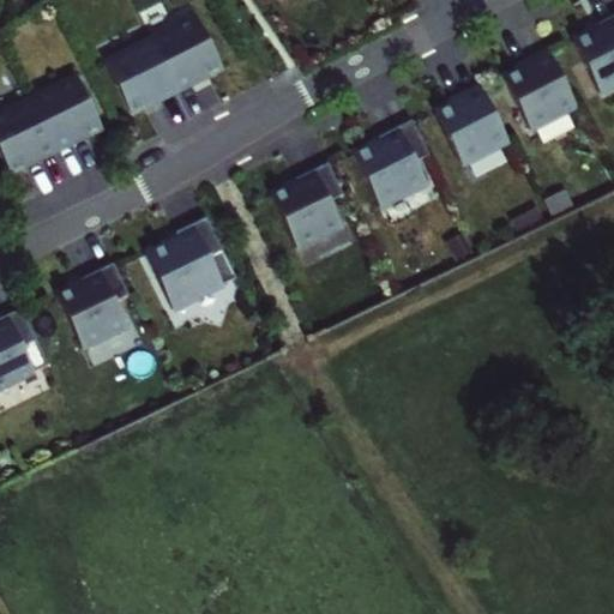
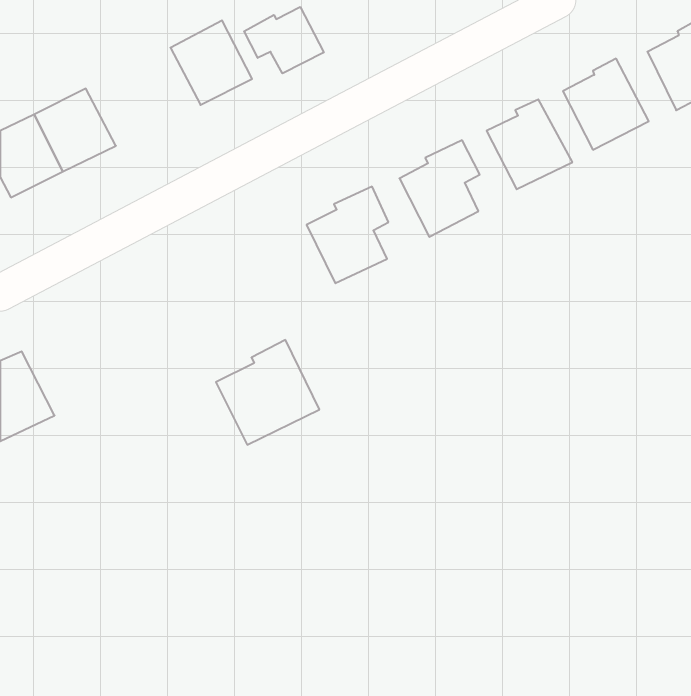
building: none -> [244,7,324,73]
building: [109,42,181,116] -> none
building: [149,218,240,311] -> [216,340,319,445]
building: [60,264,133,349] -> none

